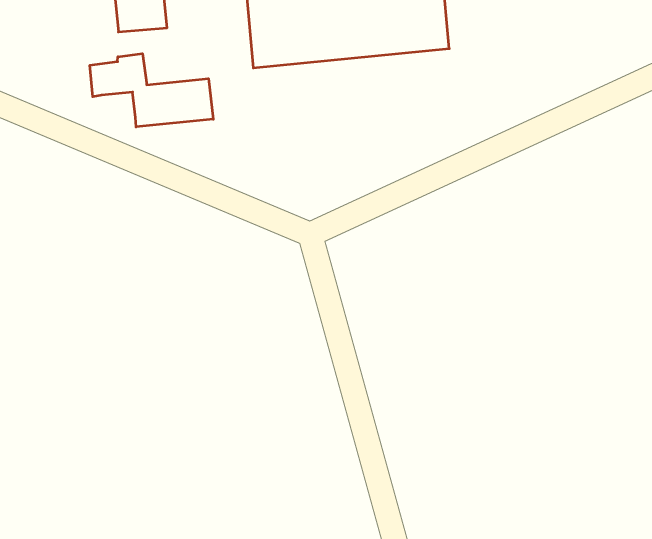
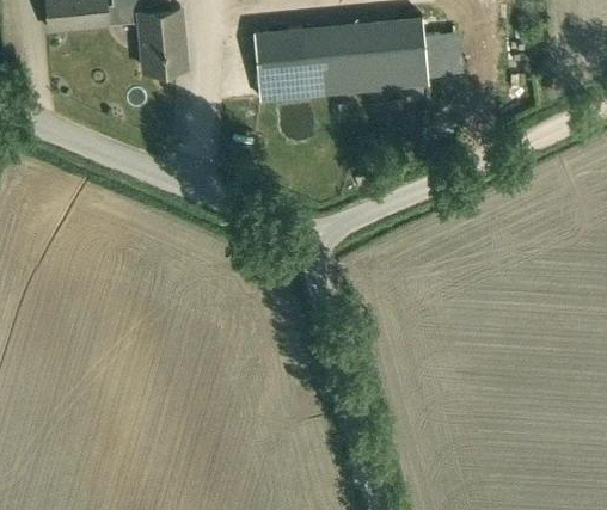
building: [90,54,213,127] -> none

